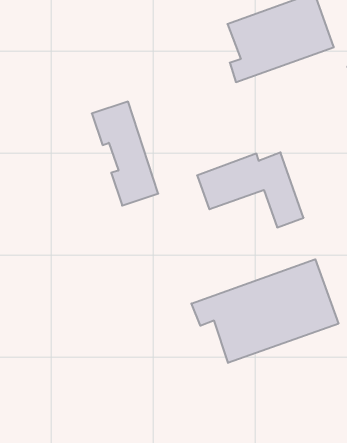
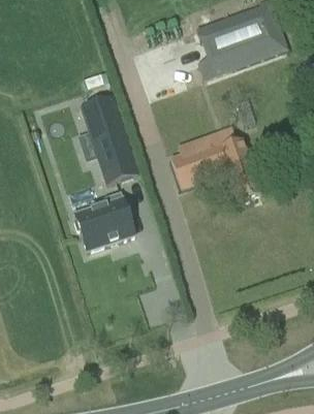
building: none -> [74,192,135,251]
building: [191,259,338,363] -> none

